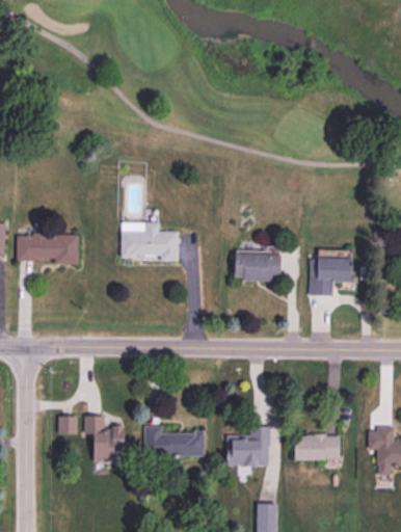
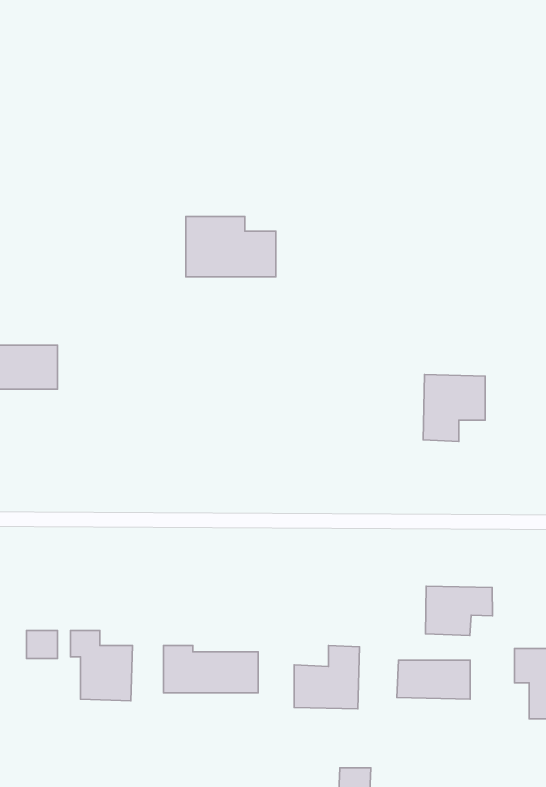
building: [121,220,178,259] -> [186,216,276,277]
building: [233,251,279,280] -> none
building: none -> [425,586,492,636]

